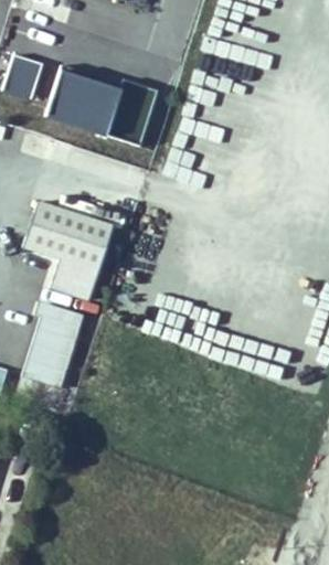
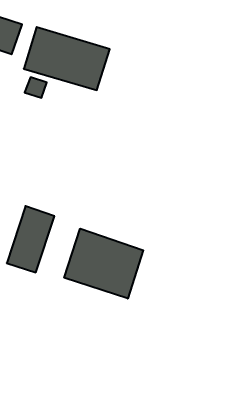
building: [22,196,112,296] -> none
building: none -> [64,229,143,299]

